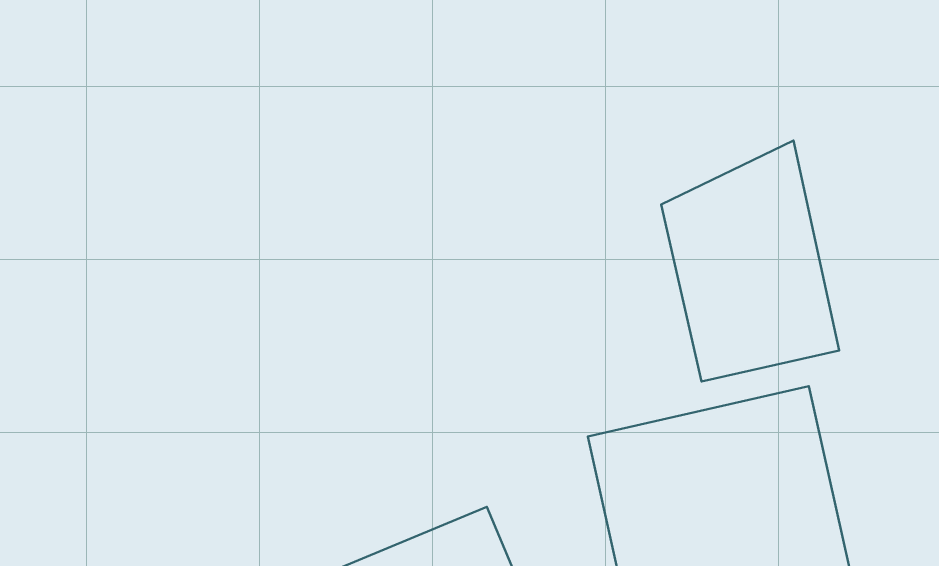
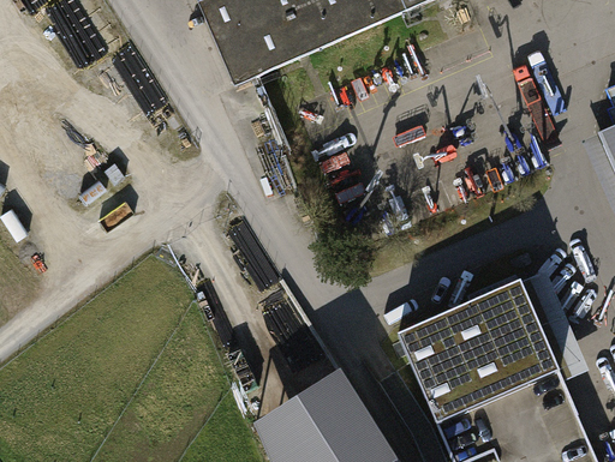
building: [661,141,839,381] -> none

